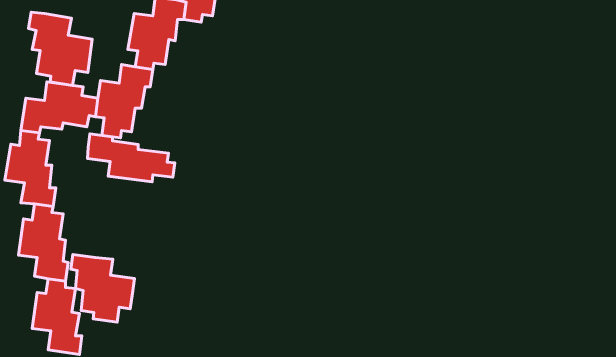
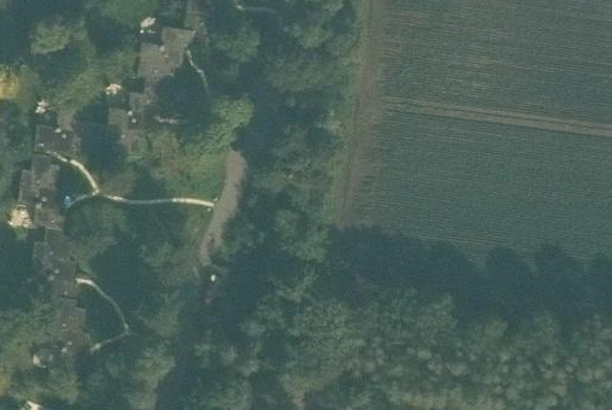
building: [28,12,92,85] -> none
building: [87,134,175,182] -> none
building: [71,254,135,322] -> none

